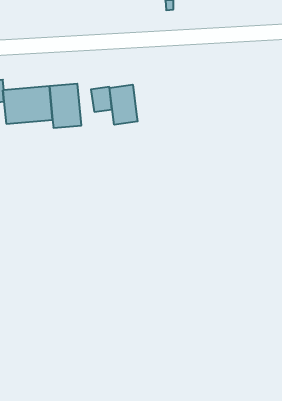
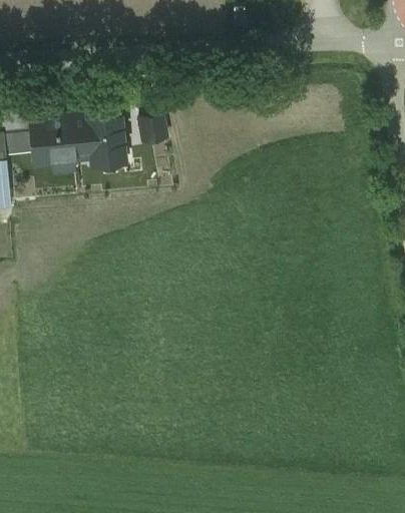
building: [109,85,138,125] -> none

